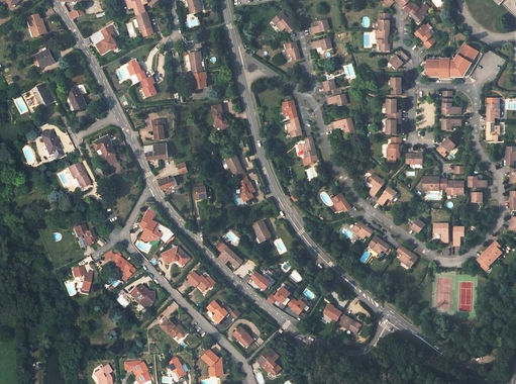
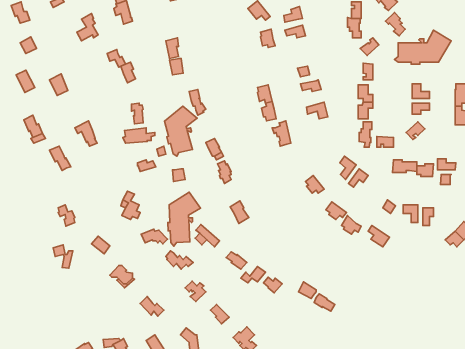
building: none -> [165,106,197,156]
building: none -> [168,192,200,246]

